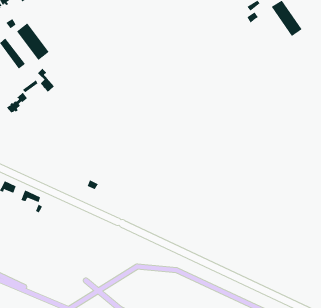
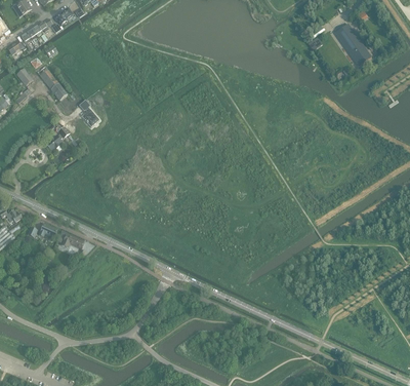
building: [16,23,49,61] -> none

